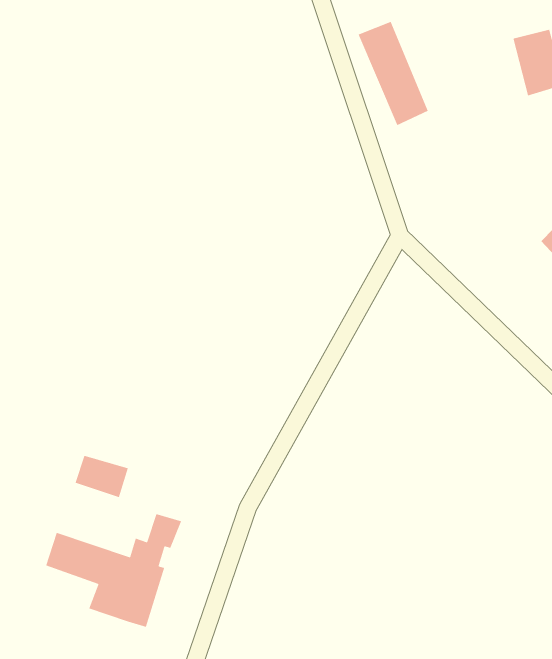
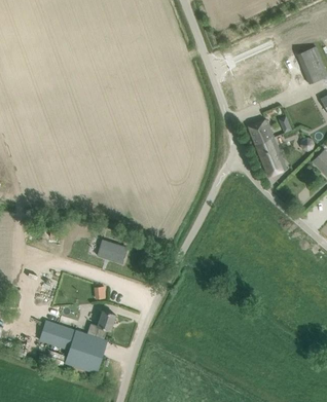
building: [357,21,429,126] -> [248,119,287,177]
building: [74,455,129,498] -> [98,240,128,263]

